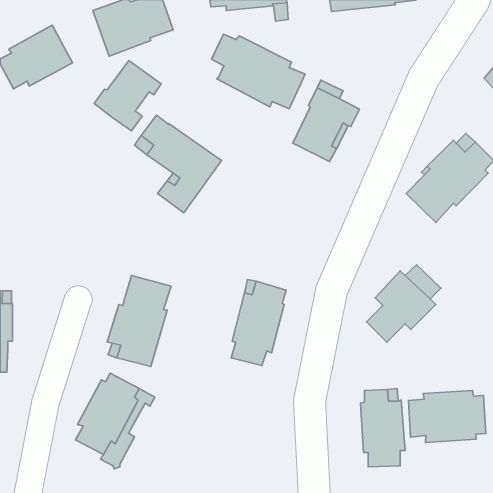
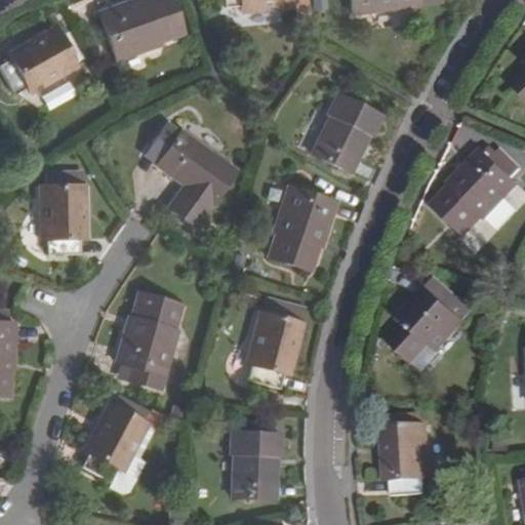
building: [212,34,305,109] -> none
building: [94,61,161,131] -> none
building: none -> [269,185,337,270]
building: none -> [41,186,85,255]
building: [409,391,486,443] -> none
building: none -> [230,432,282,497]

